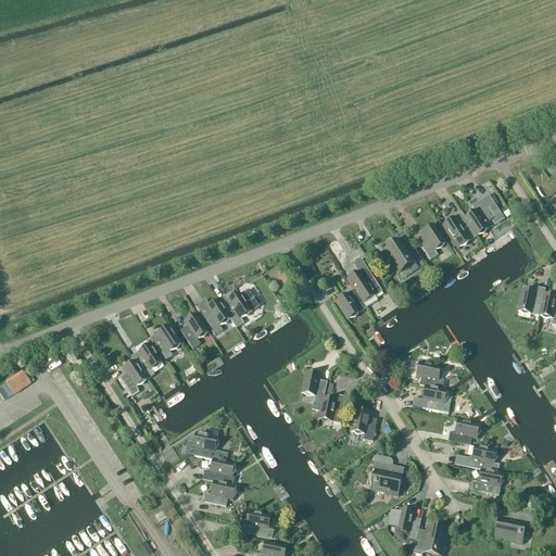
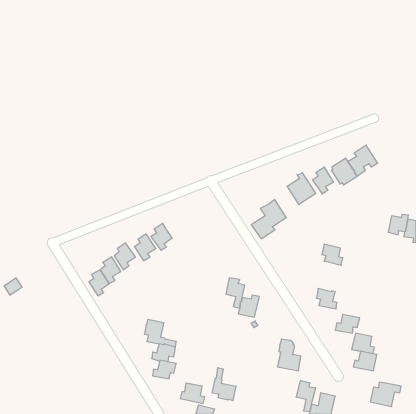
building: [217,288,257,327] -> none
building: [415,361,443,389] -> [322,244,343,265]
building: [351,408,376,440] -> none
building: none -> [212,368,236,401]

